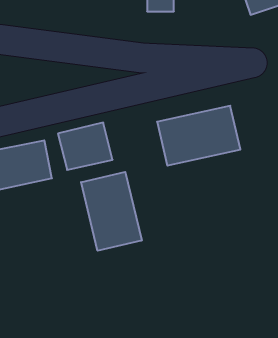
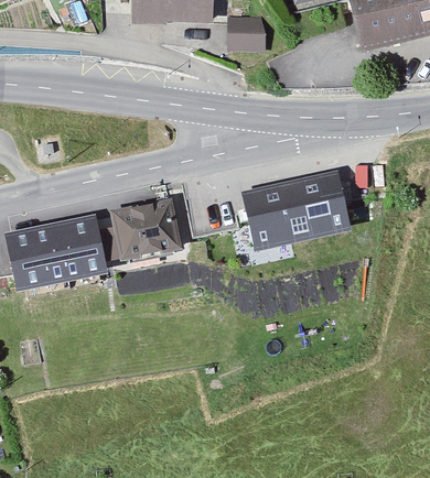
building: [81,172,142,251] -> none

